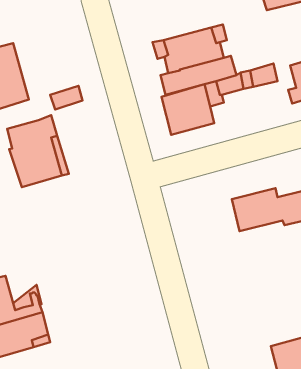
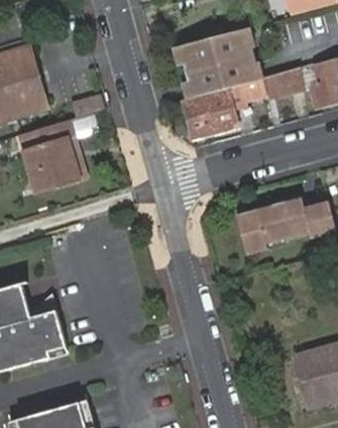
building: none -> [234,206,264,250]

